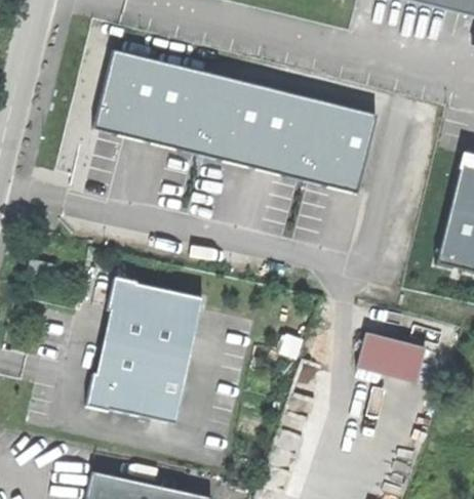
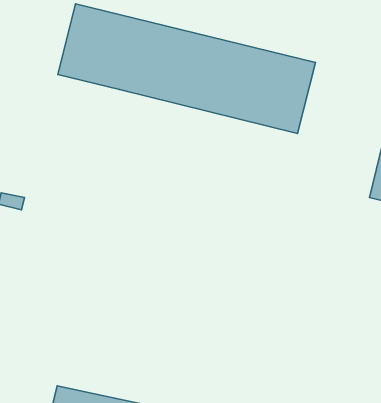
building: [86,276,204,424] -> none
building: [359,332,426,381] -> none

